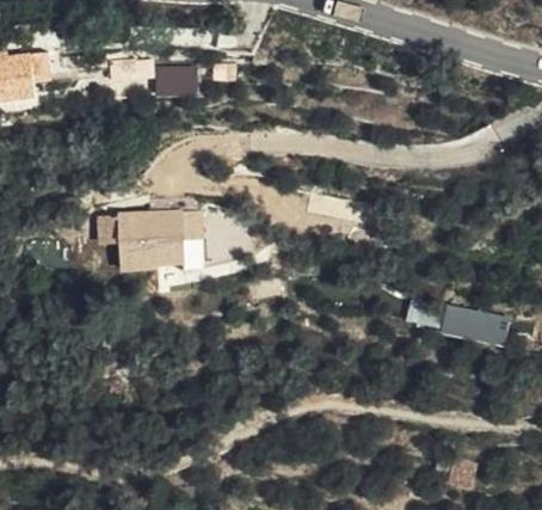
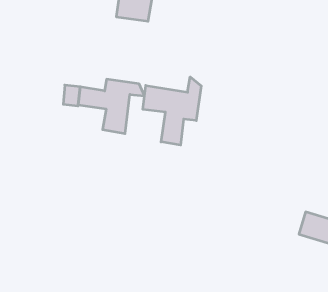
building: none -> [143,77,201,145]
building: [124,233,161,266] -> none

